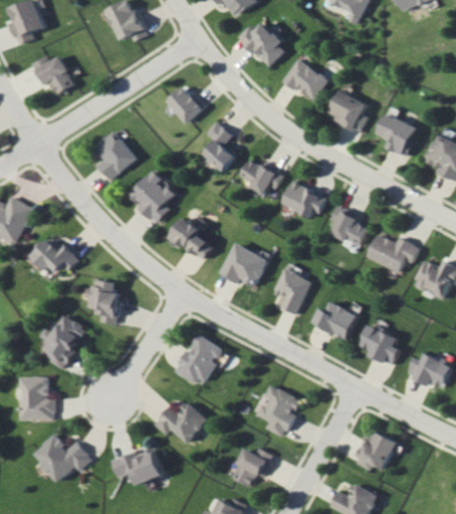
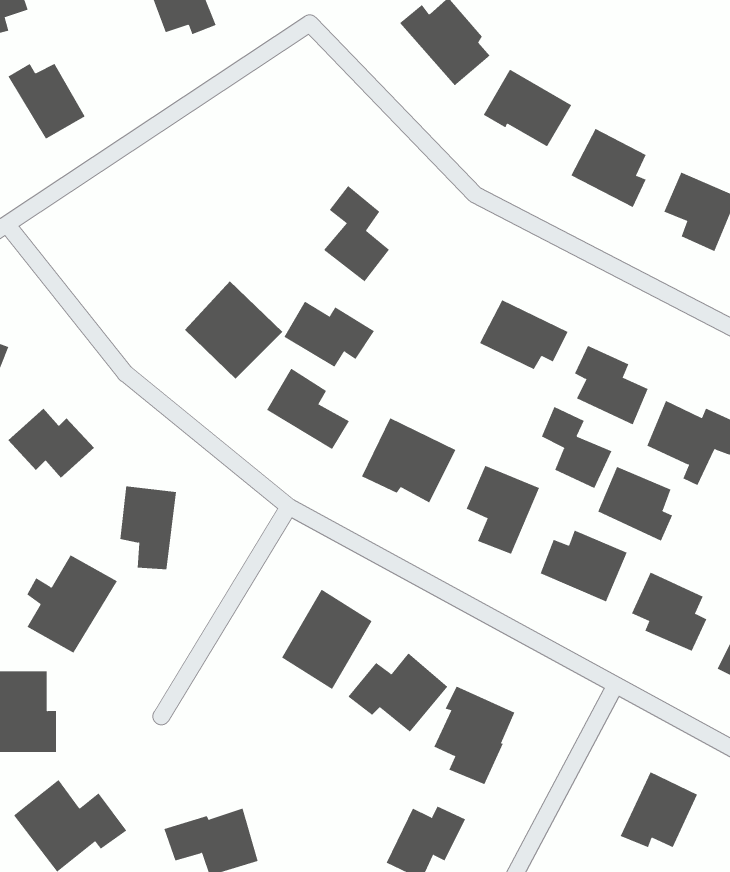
building: [162,85,201,124] -> none
building: [88,131,134,181] -> none
building: [235,159,283,194] -> [284,301,375,367]
building: none -> [541,406,612,489]
building: none -> [597,466,673,541]
building: [156,402,209,444] -> [347,653,448,733]

